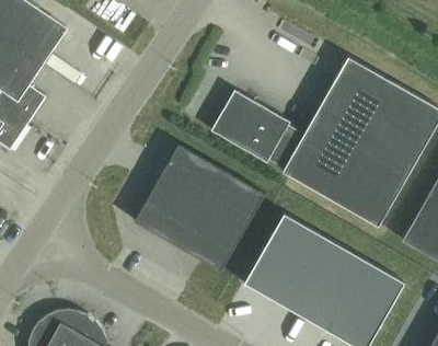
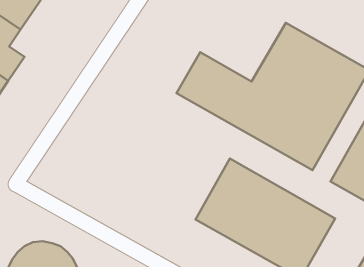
building: [143,143,264,270] -> none

